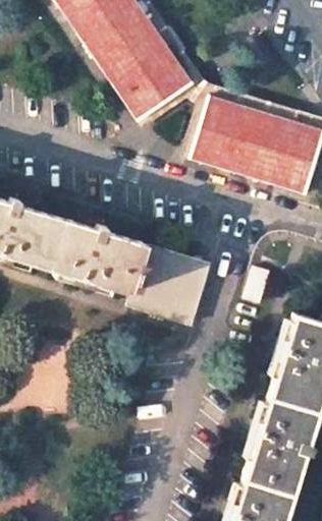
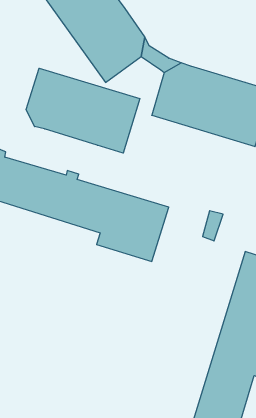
building: none -> [26,68,140,153]

